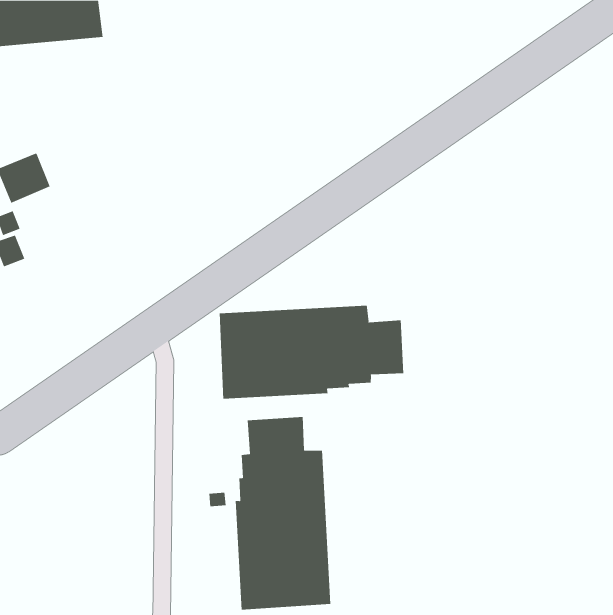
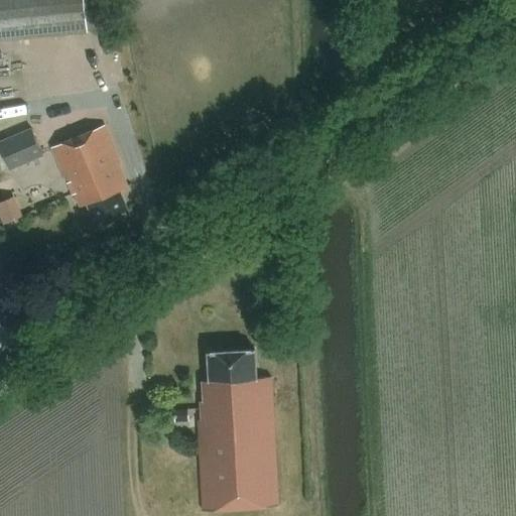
building: none -> [52,126,128,225]
building: [219,305,404,400] -> none

